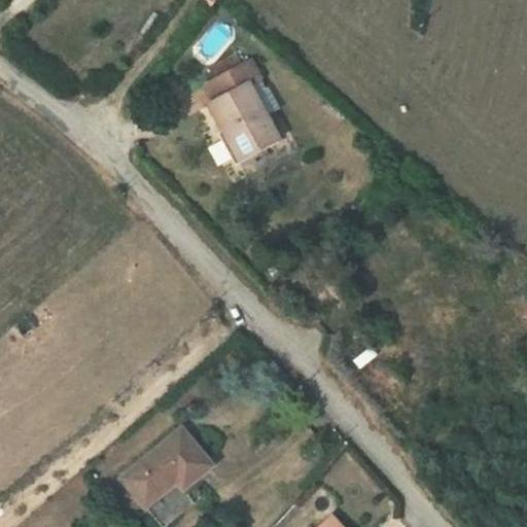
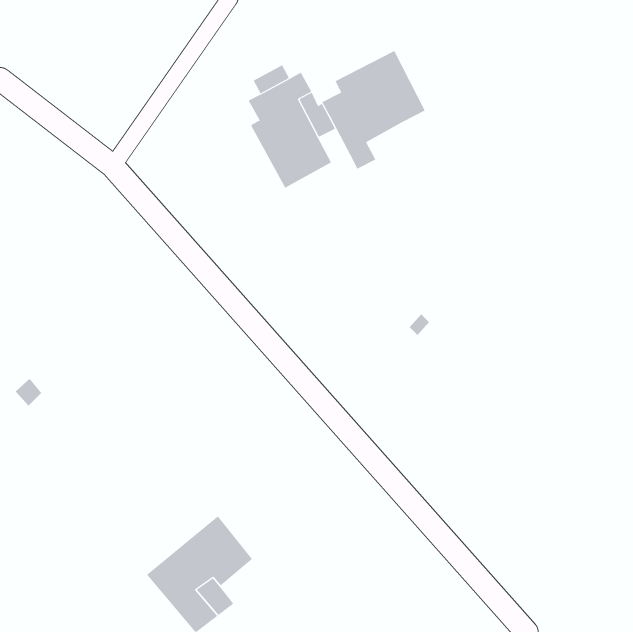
building: none -> [321,50,425,169]

